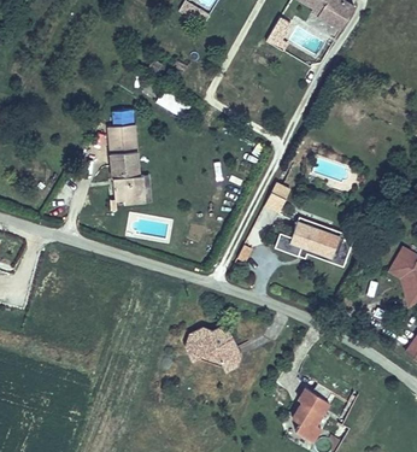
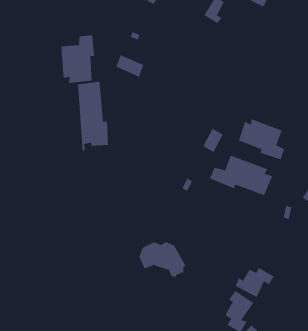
building: none -> [61,35,95,84]
building: none -> [238,119,285,160]
building: none -> [235,267,274,298]

